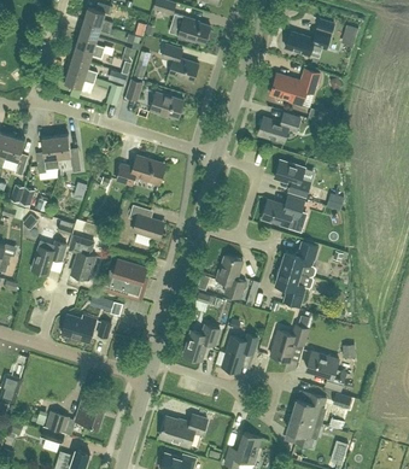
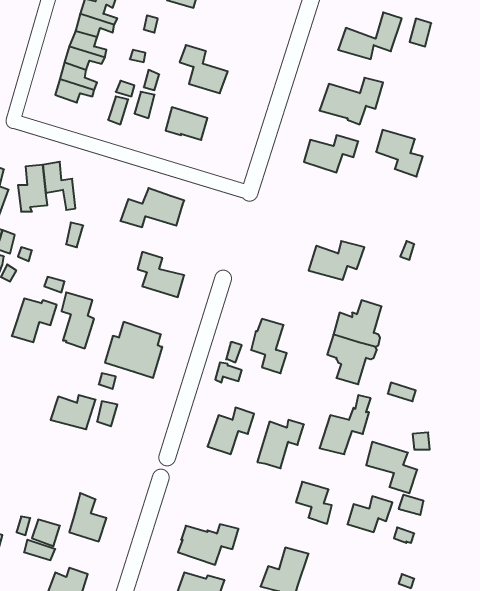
building: [177,17,209,43] -> none
building: [274,160,310,197] -> [376,130,423,177]
building: [286,415,314,447] -> [296,482,332,524]

